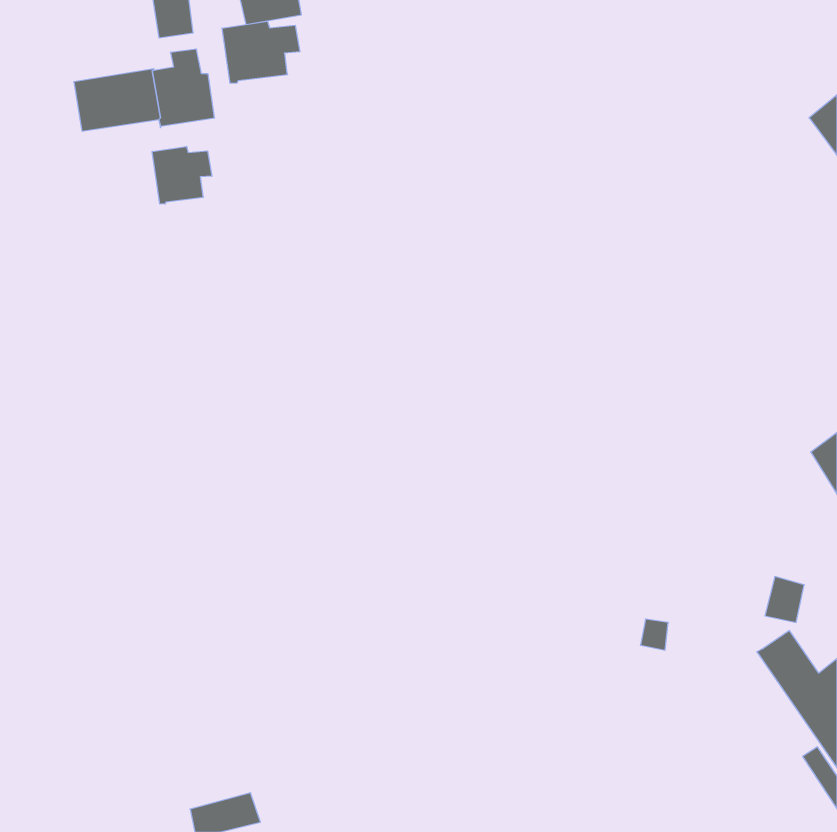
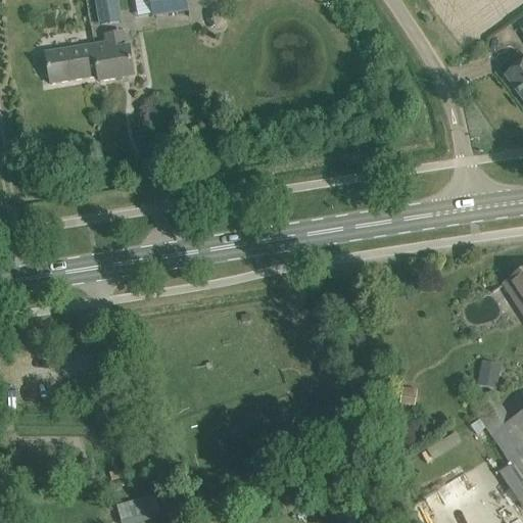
building: [222,21,300,83] -> none
building: [152,146,212,204] -> none

